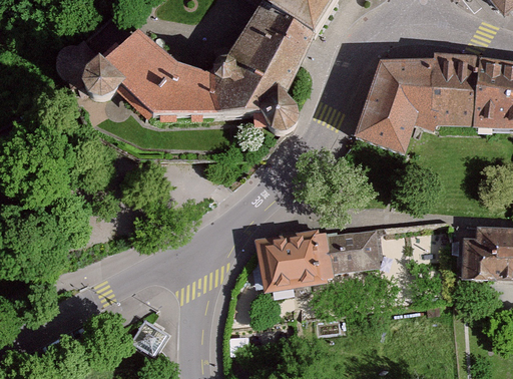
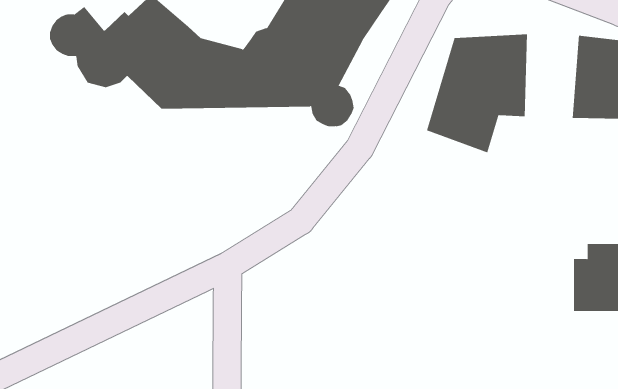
building: [434,58,476,125] -> none
building: [262,224,385,290] -> none

